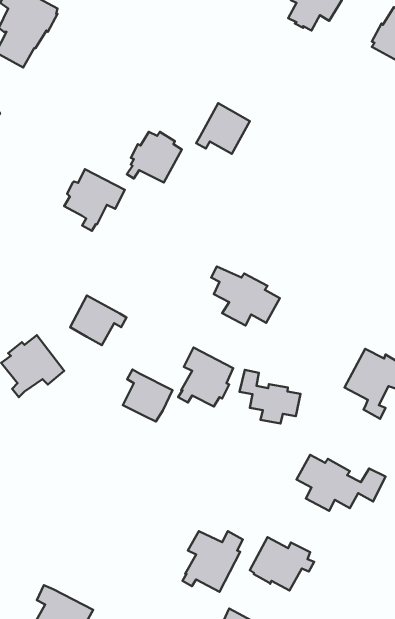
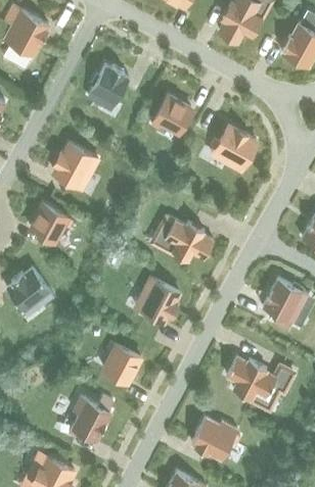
building: [127,132,182,182] -> [88,65,129,103]
building: none -> [210,127,257,171]
building: [70,296,127,345] -> [31,205,73,242]
building: [123,369,172,422] -> [103,343,140,382]
building: [239,370,300,424] -> none
building: [182,531,243,592] -> [69,397,114,442]

